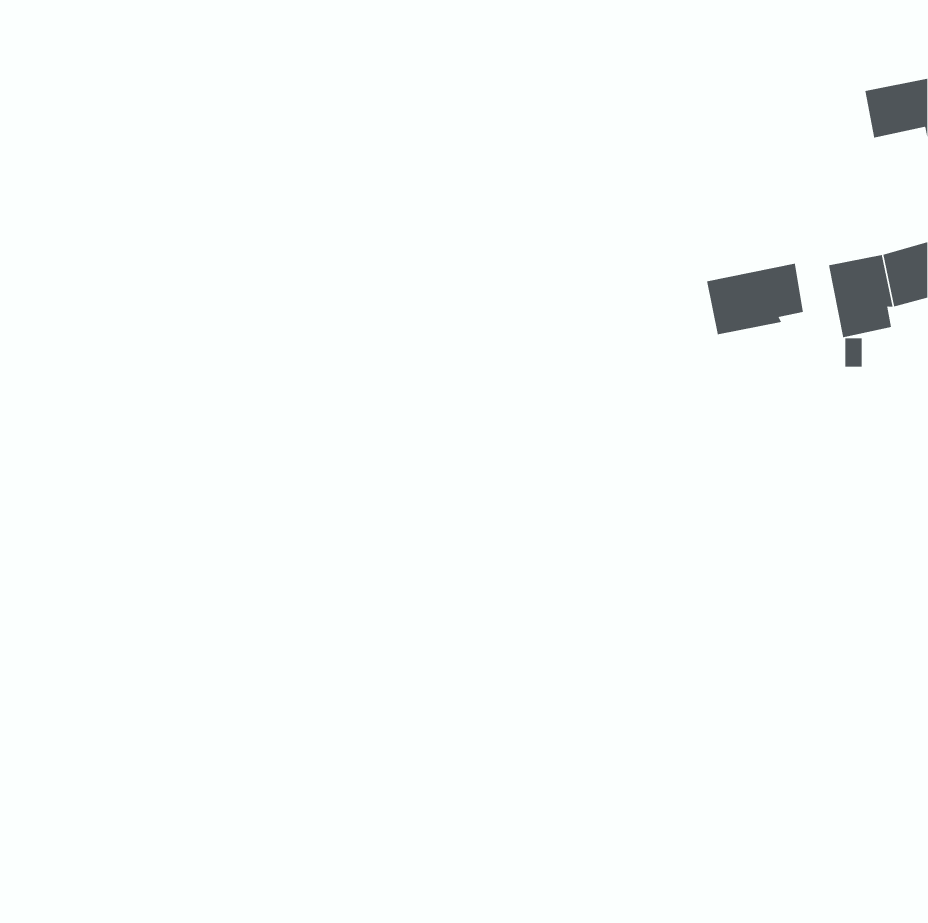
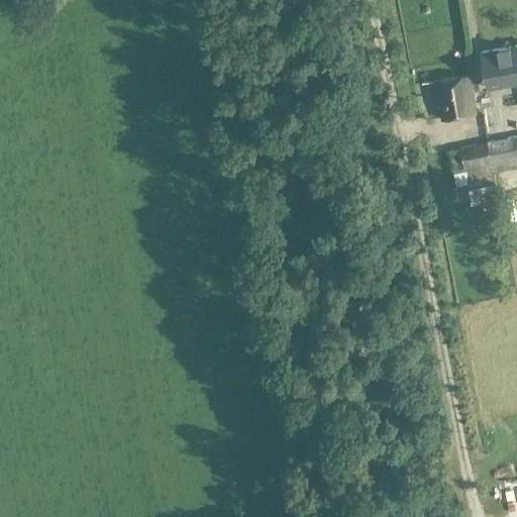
building: none -> [435,77,475,120]
building: [706,263,804,335] -> none

